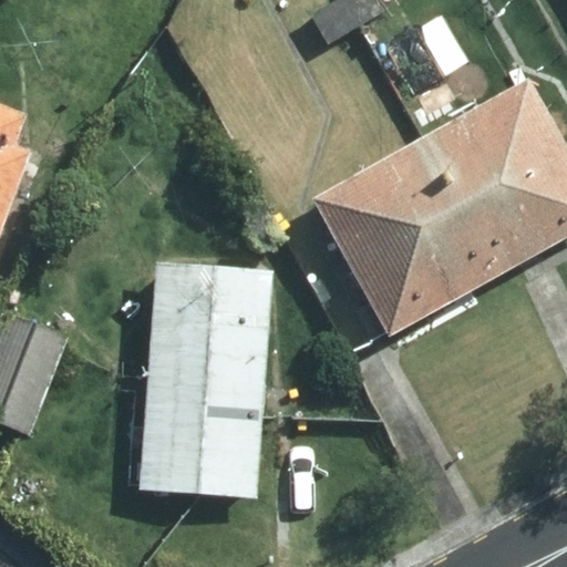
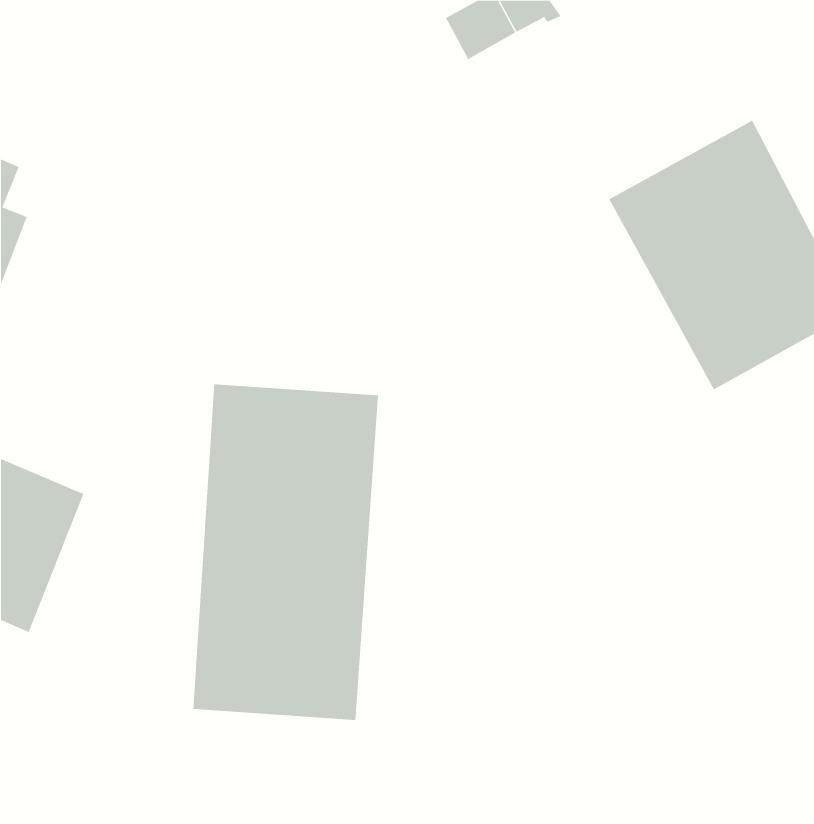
building: [318,138,497,328] -> none

